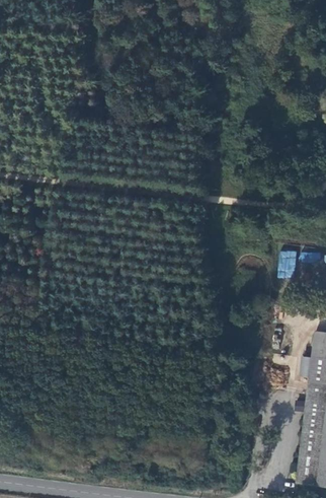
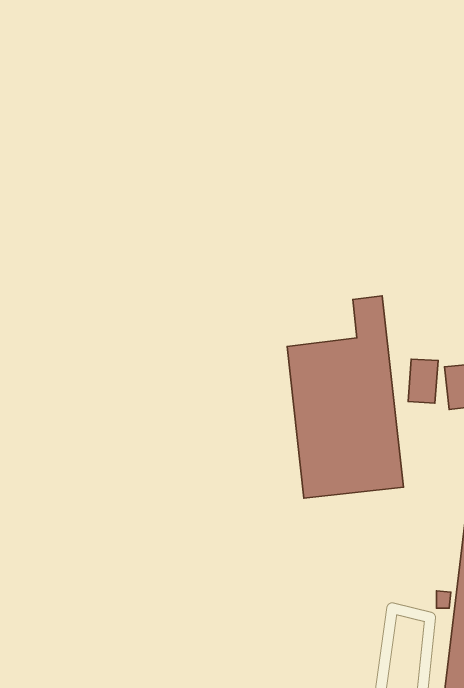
building: none -> [287,296,403,498]

